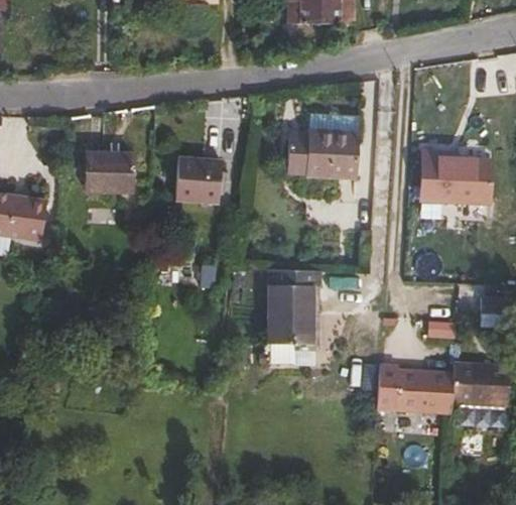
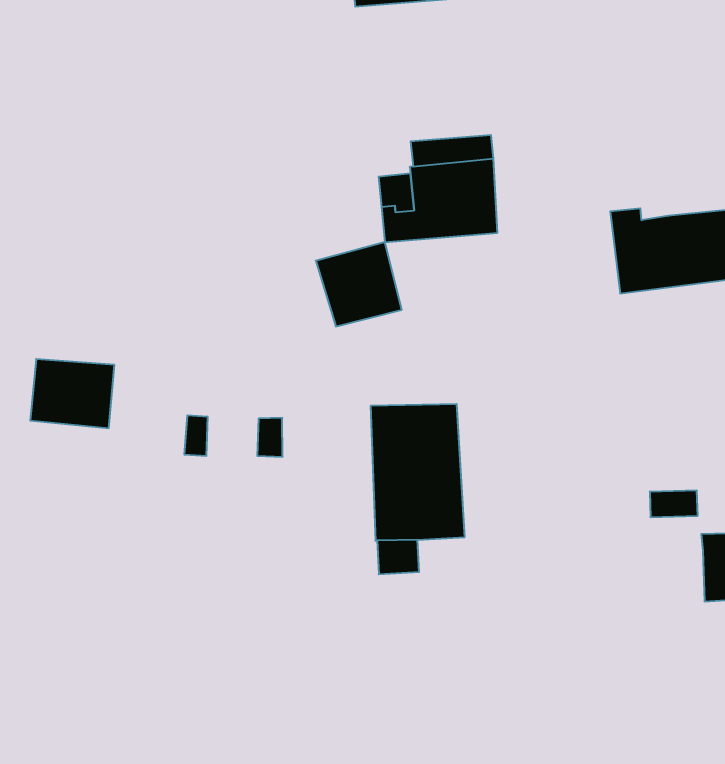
building: [76,141,129,186] -> [30,359,114,428]
building: [174,158,223,206] -> [316,242,402,326]
building: [379,366,458,412] -> none

